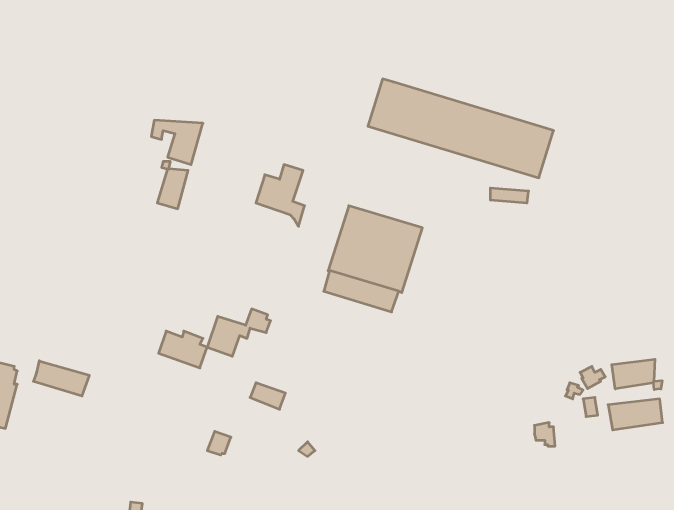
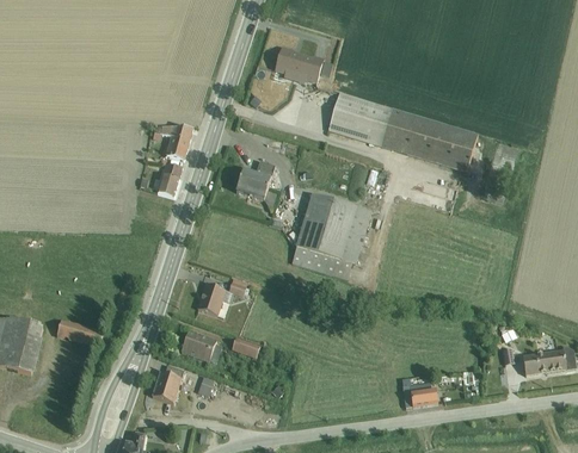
building: none -> [275,49,332,83]
building: [159,331,207,368] -> [182,333,221,362]
building: [612,359,662,390] -> none
building: none -> [152,364,184,402]
building: none -> [402,381,437,408]

